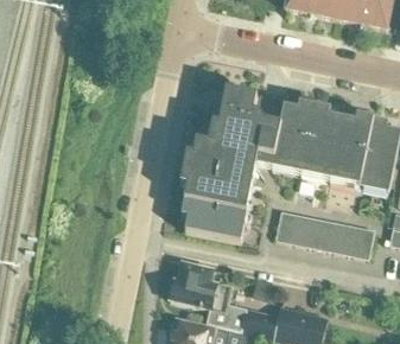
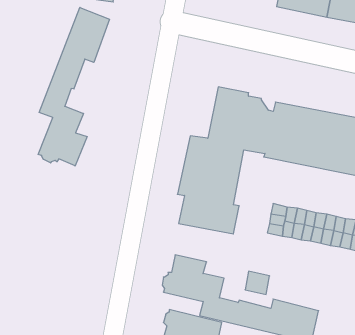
building: none -> [38,7,110,166]

